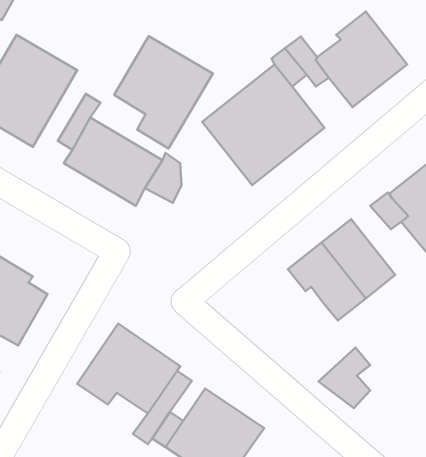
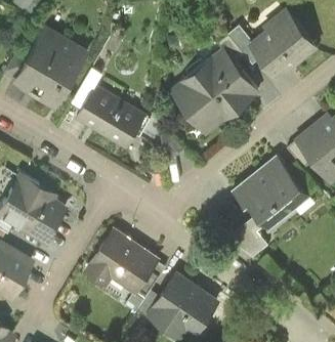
building: [114,36,213,149] -> none
building: [319,348,370,408] -> [232,213,267,255]

